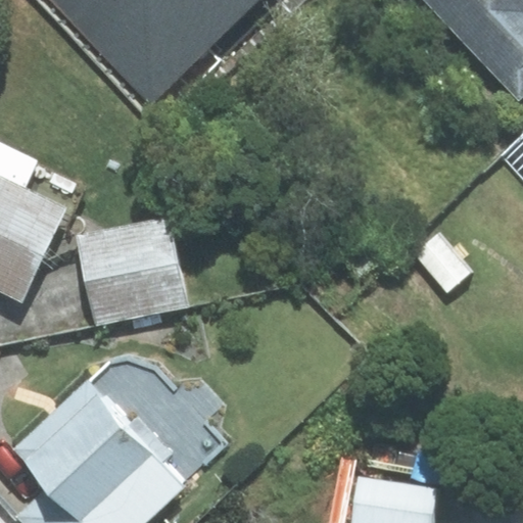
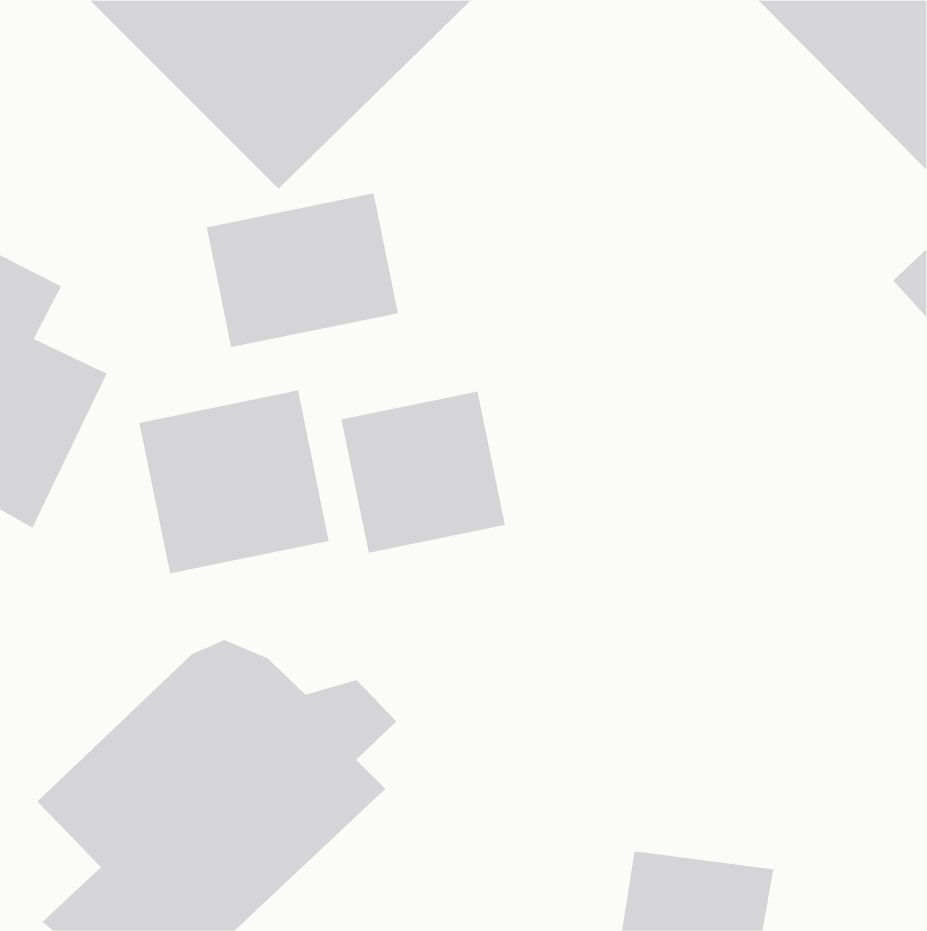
building: none -> [206,193,398,348]
building: none -> [341,391,506,554]

